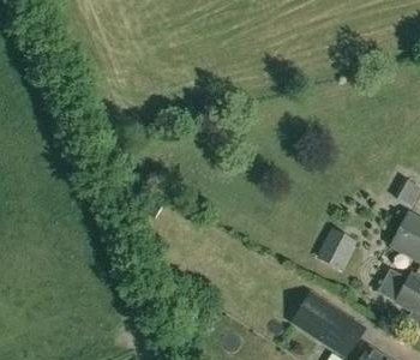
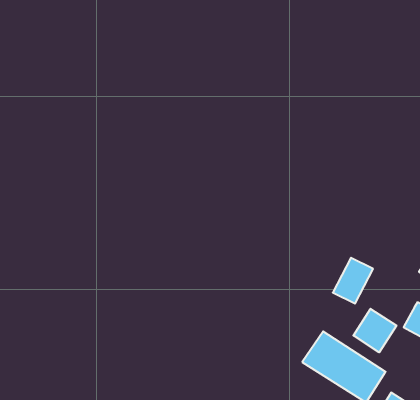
building: none -> [353,309,396,352]

